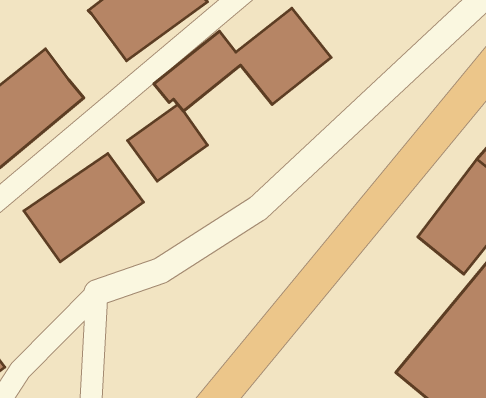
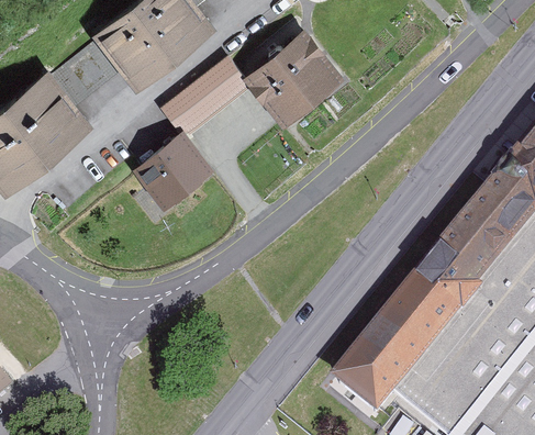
building: none -> [53,40,122,105]
building: [24,153,143,262] -> none
building: none -> [332,264,472,415]

